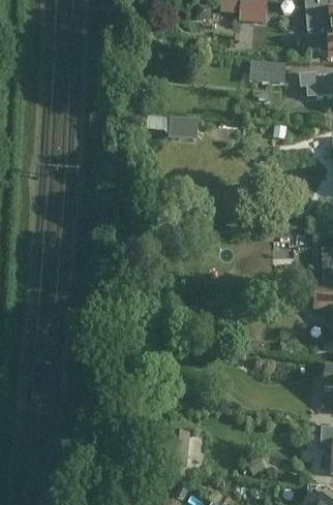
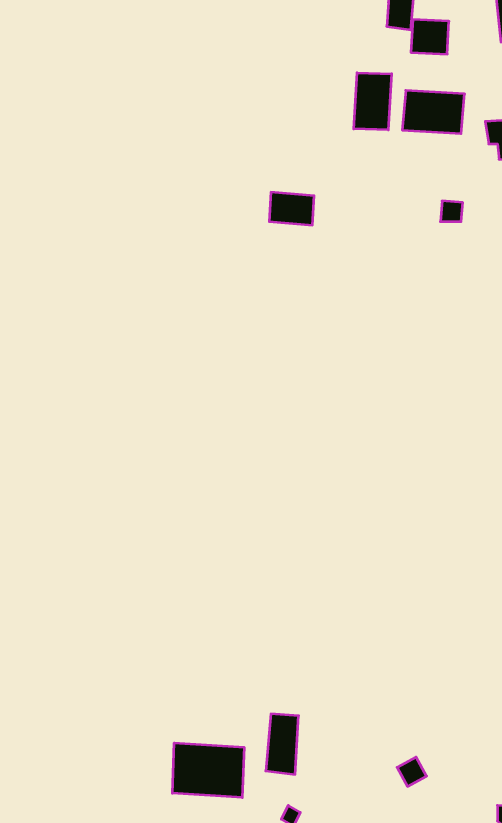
building: none -> [354,73,392,130]
building: none -> [172,743,244,798]

